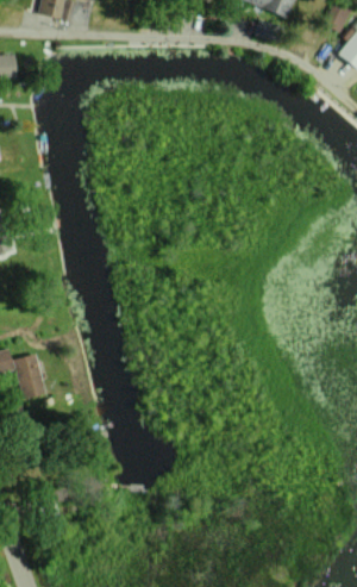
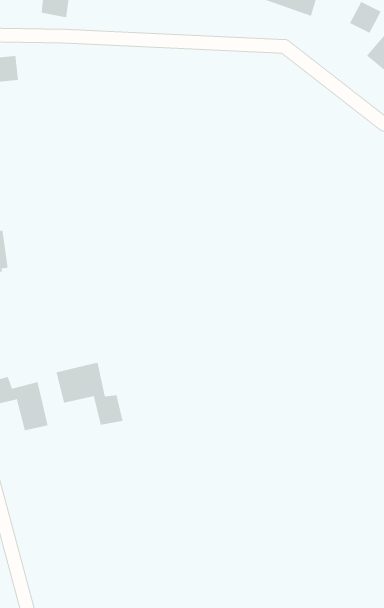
building: none -> [56,362,123,426]

